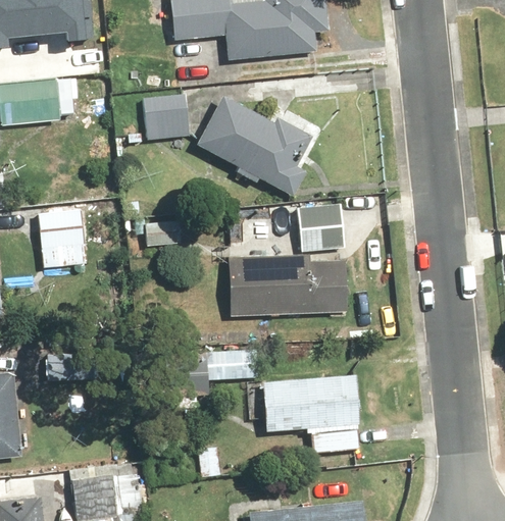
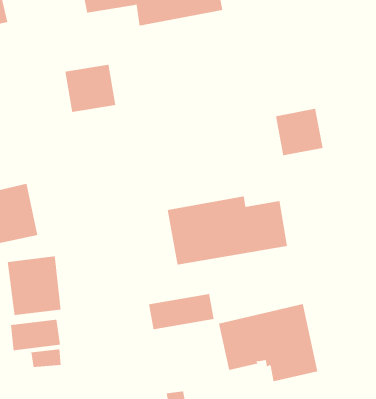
building: [196,97,315,197] -> none
building: [299,205,345,250] -> [275,108,323,156]
building: none -> [7,256,61,316]

